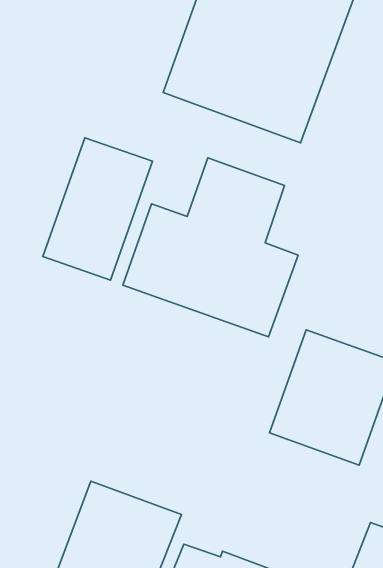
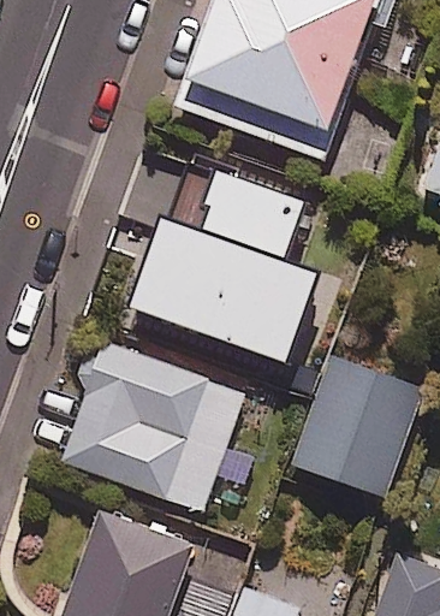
building: [43,138,152,280] -> none
building: none -> [61,342,242,509]

